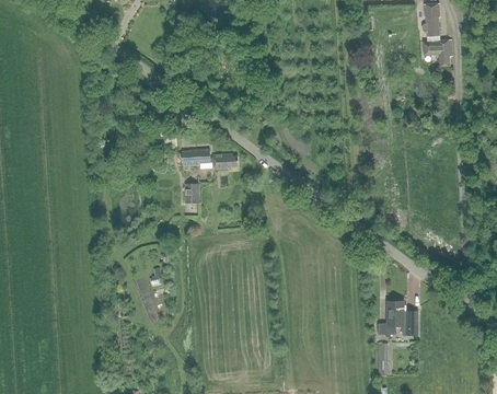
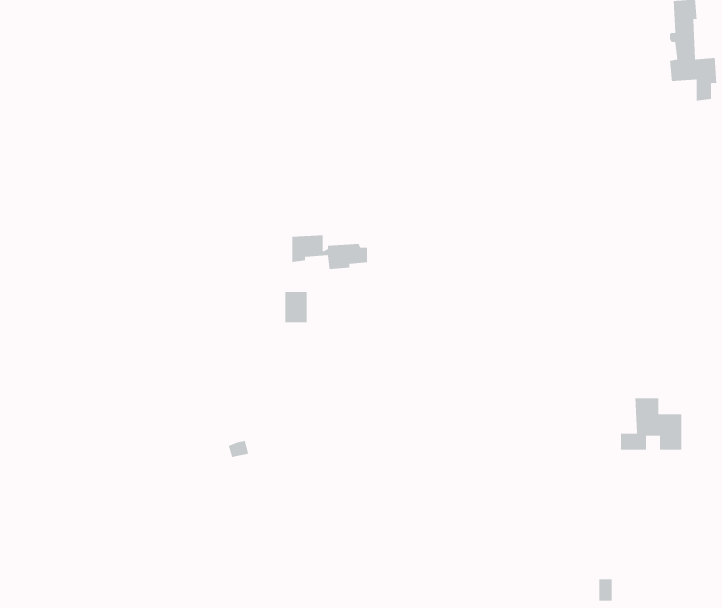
building: [379,301,417,334] -> [620,397,682,451]

